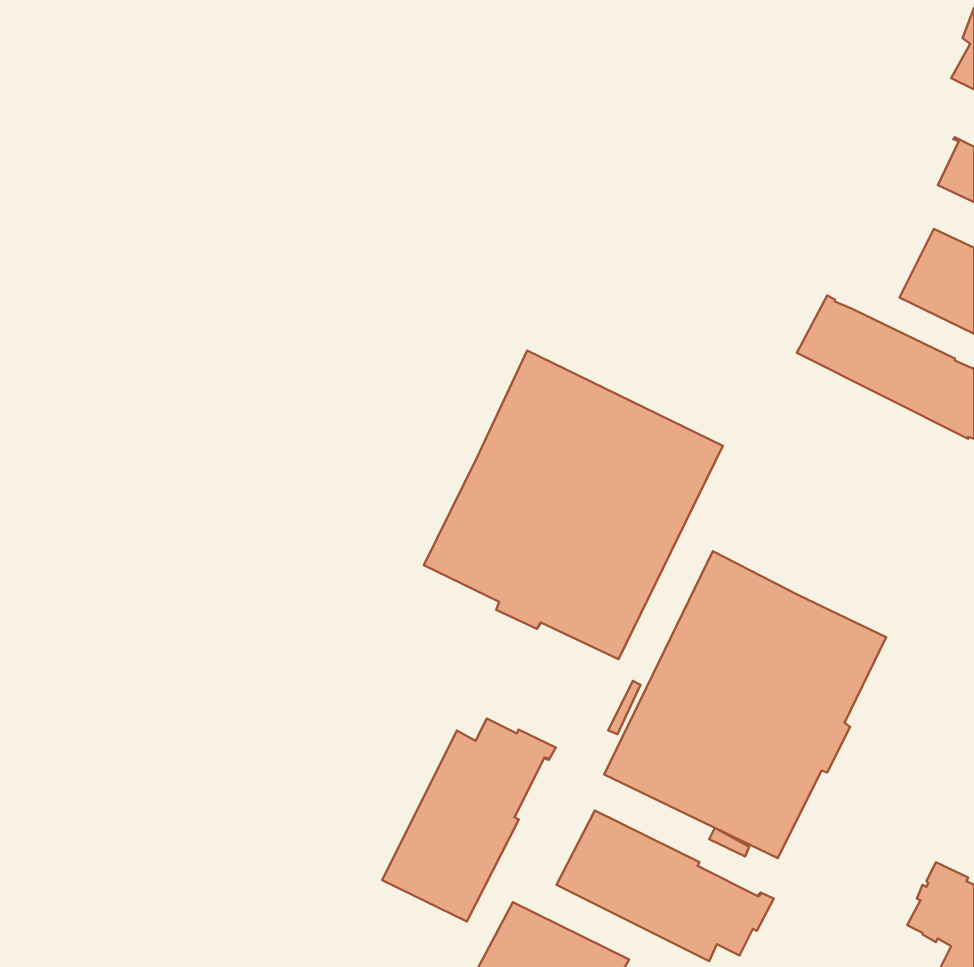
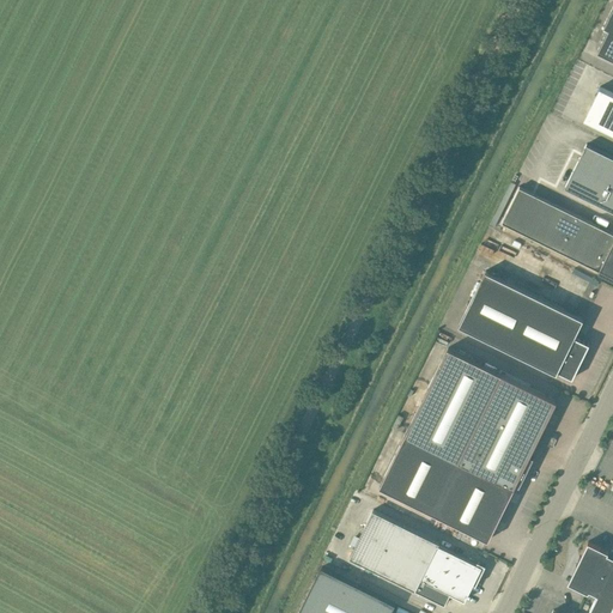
building: [424,350,723,659] -> none
building: none -> [459,275,589,382]
building: [382,718,556,921] -> none

